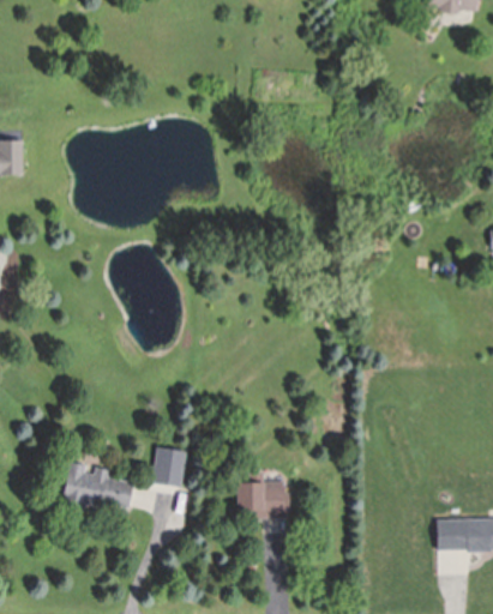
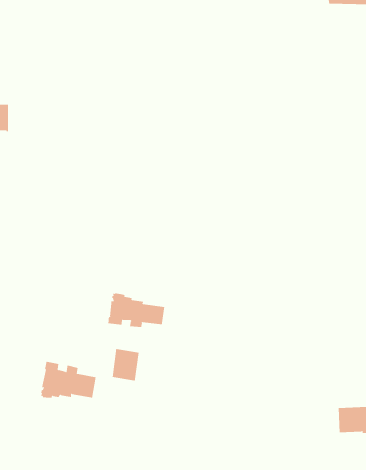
building: none -> [108,292,165,328]
building: [238,470,290,517] -> none

